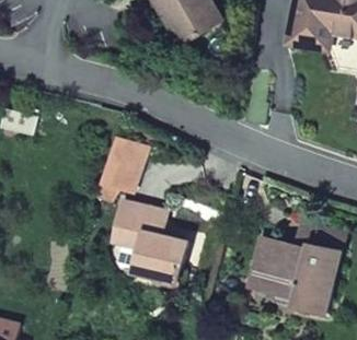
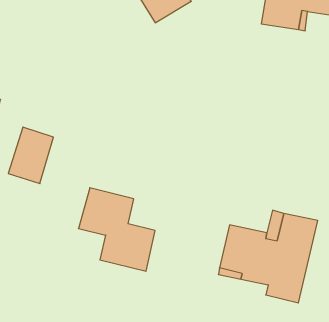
building: [99,137,142,191] -> [8,127,53,184]

